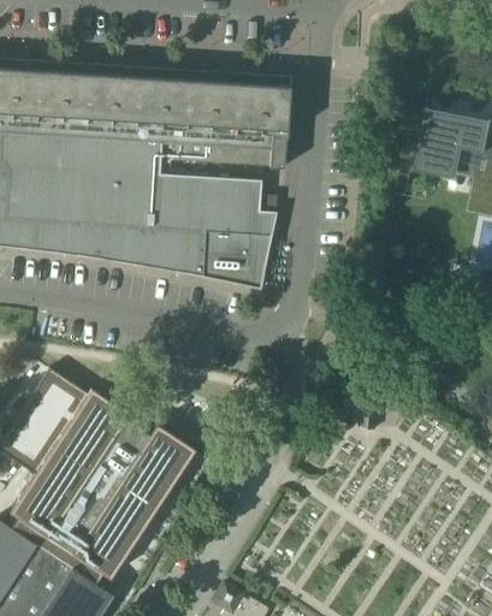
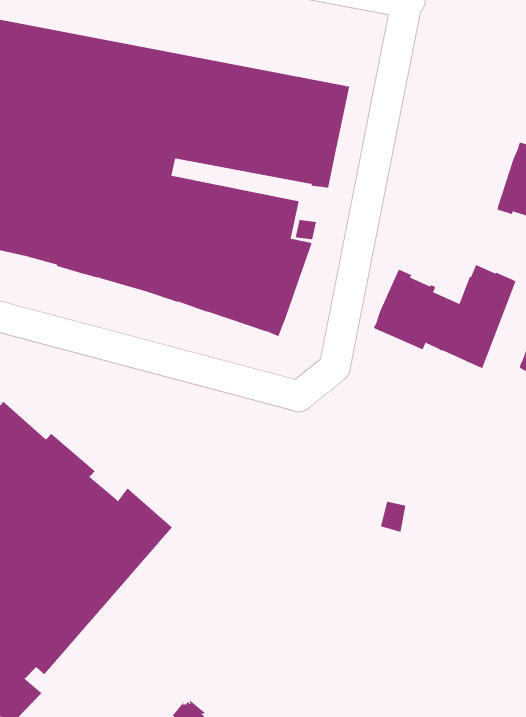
building: none -> [373,264,516,369]

